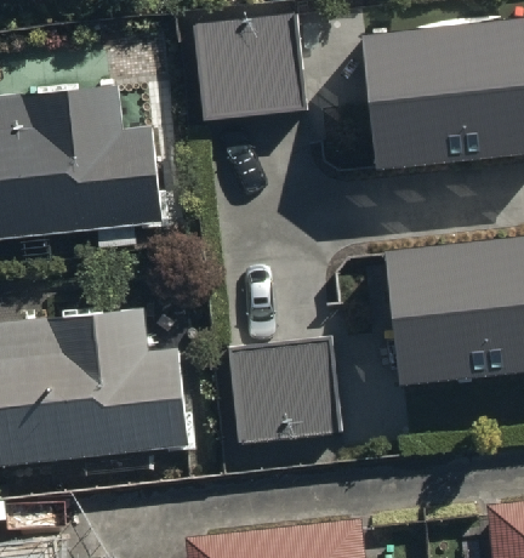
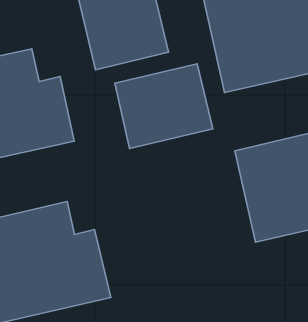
building: none -> [115,64,213,148]
building: [229,338,343,445] -> none

